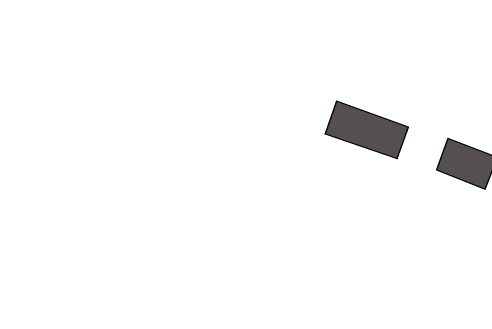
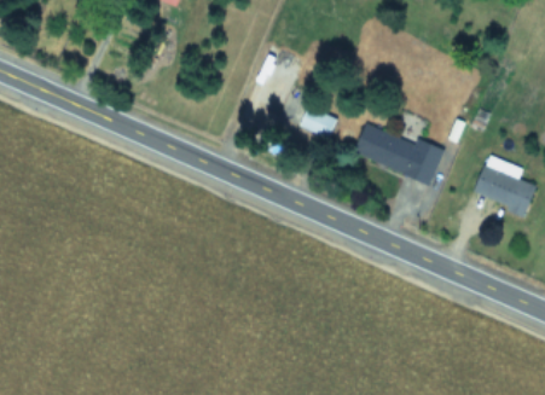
building: none -> [300,105,338,139]

